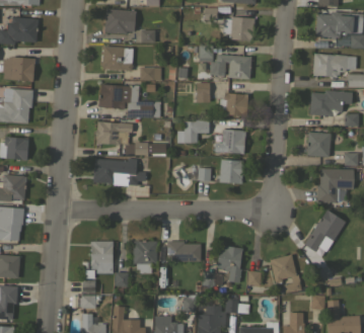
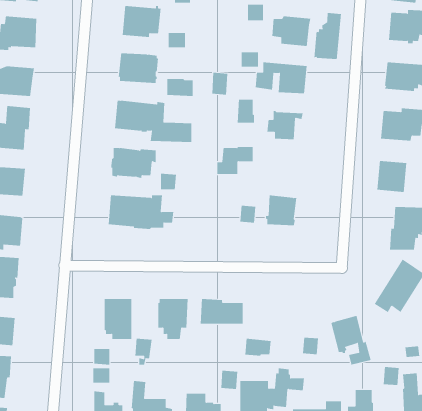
building: none -> [314,12,341,60]
building: [221,130,246,154] -> none
building: [217,245,242,282] -> none

